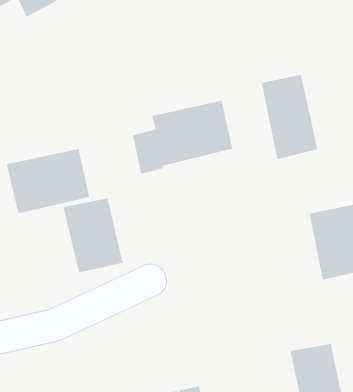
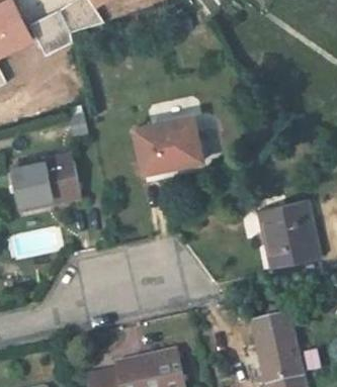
building: [261,74,318,160] -> none
building: [63,197,123,274] -> none

